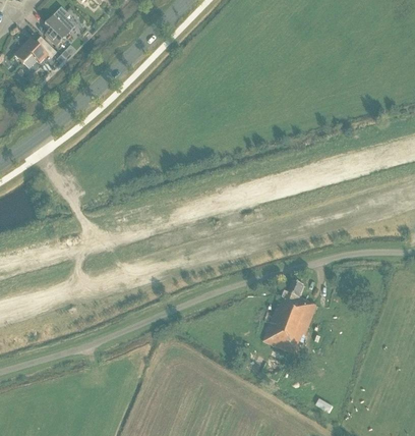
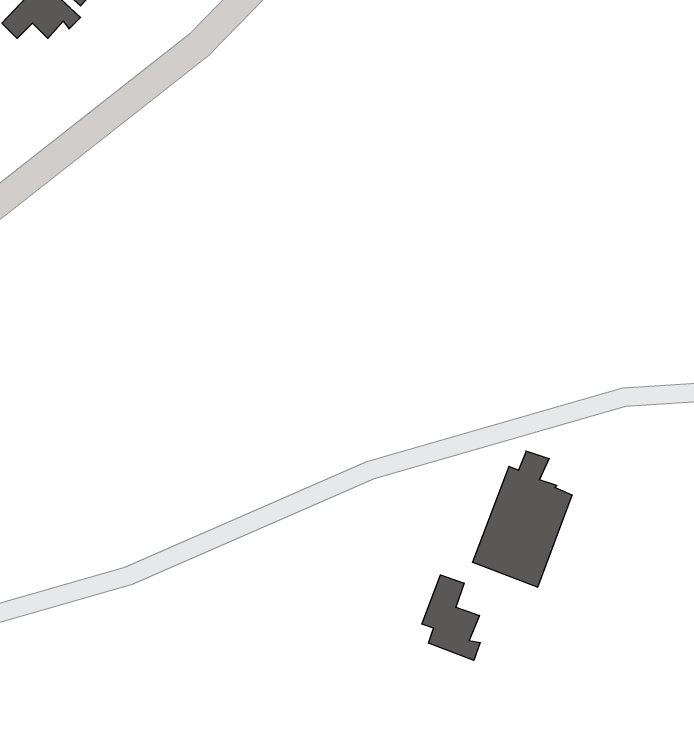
building: none -> [422,575,480,660]

